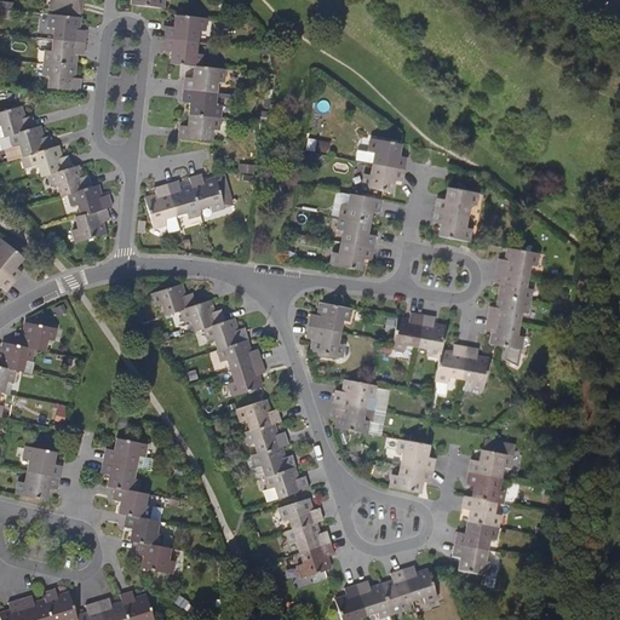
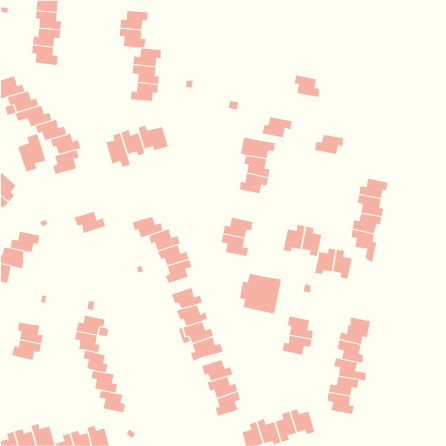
building: [371,137,407,168] -> [294,75,320,98]
building: none -> [18,133,46,173]
building: [434,208,471,240] -> none
building: [153,283,197,315] -> [74,211,106,234]

